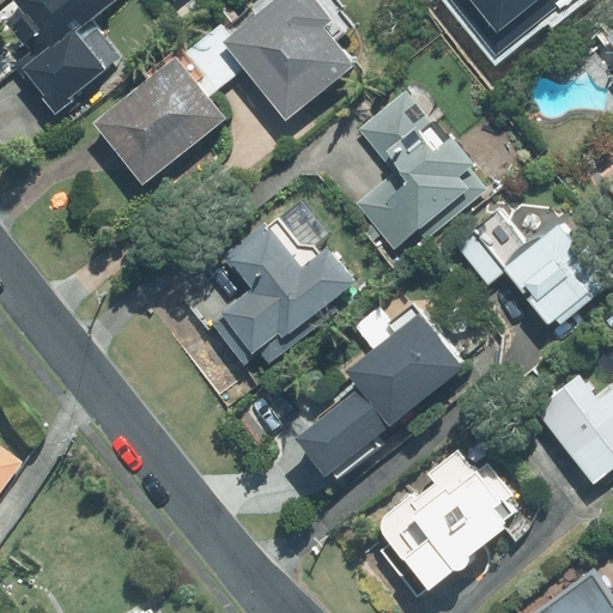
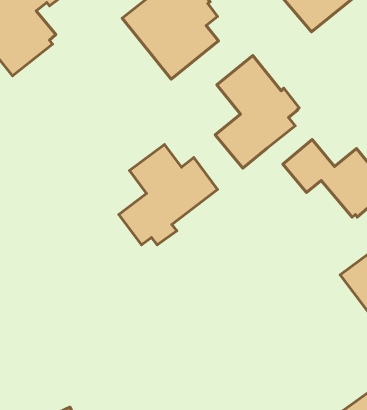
building: [92,54,230,187] -> none
building: [298,304,467,480] -> none
building: [374,448,512,601] -> none

